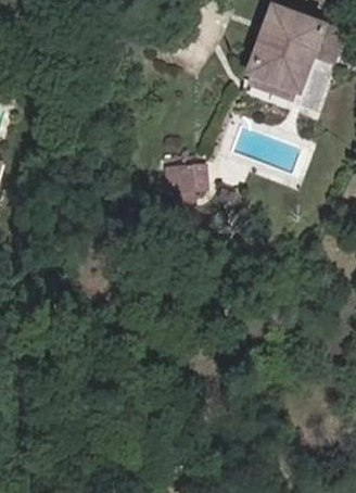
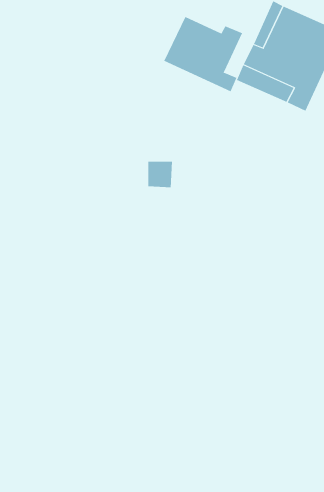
building: none -> [164,16,243,92]

